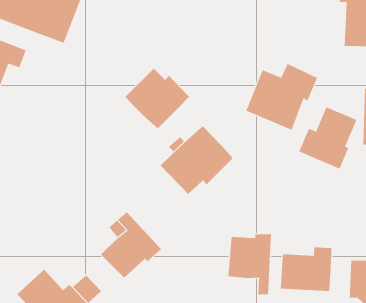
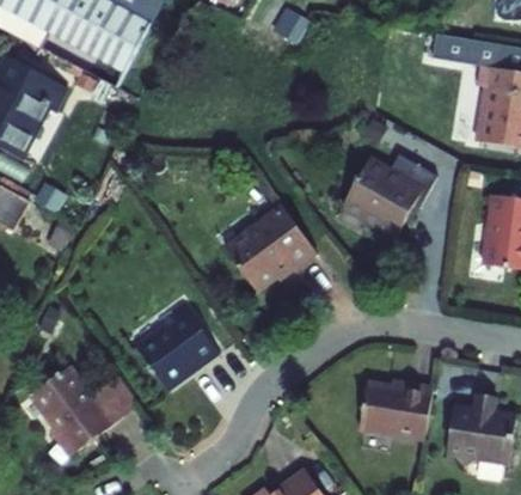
building: [124,68,190,129] -> none
building: [299,106,357,169] -> none
building: [228,233,271,295] -> none

